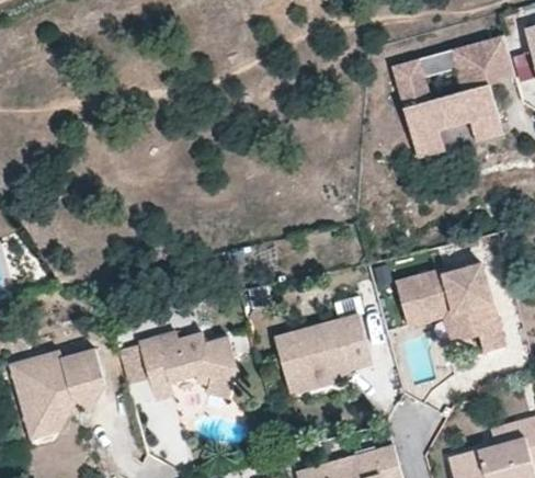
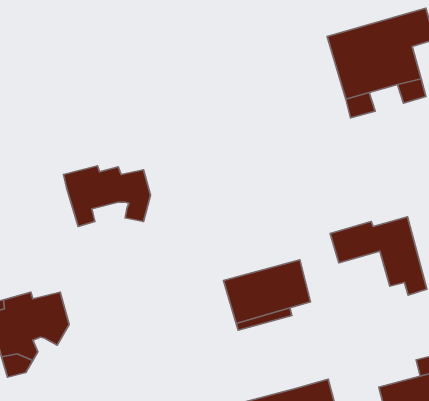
building: [405,304,462,346] -> none
building: [136,330,234,398] -> [63,166,150,227]

